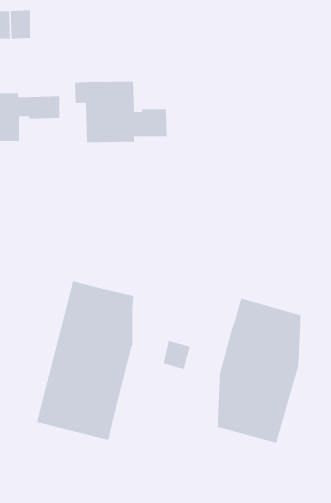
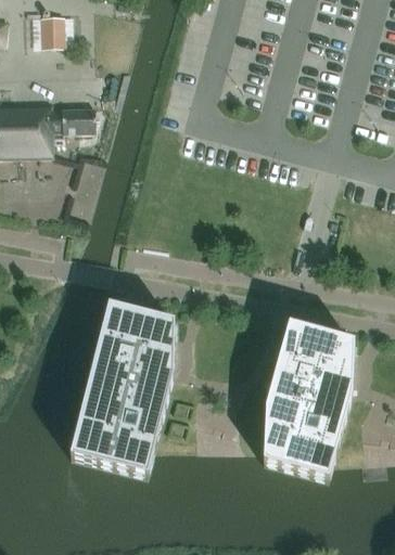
building: [74,81,167,143] -> none
building: [163,340,190,370] -> none

